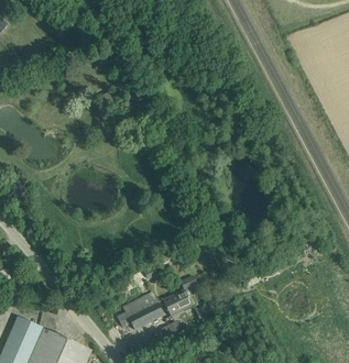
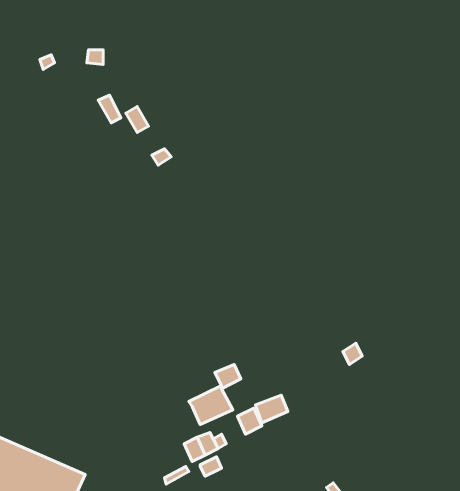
building: [114,293,162,330] -> none

